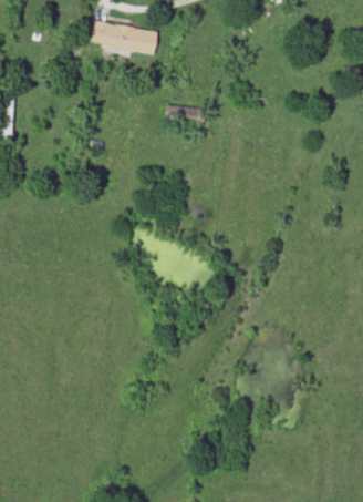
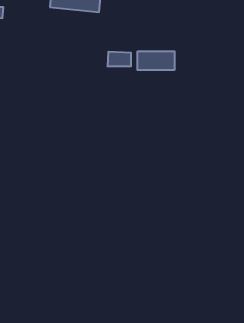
building: none -> [137,51,175,70]

